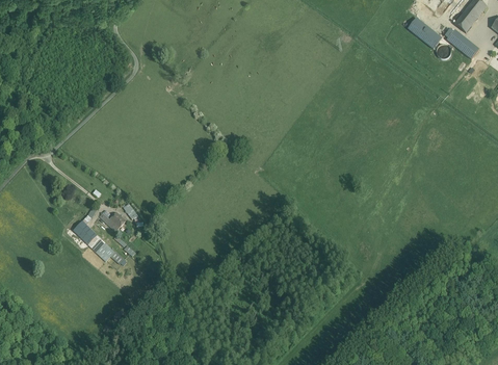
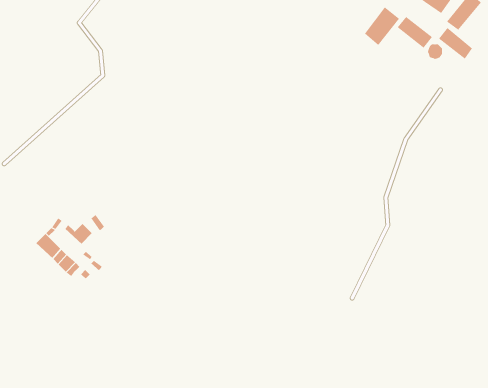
building: none -> [364,7,400,46]

